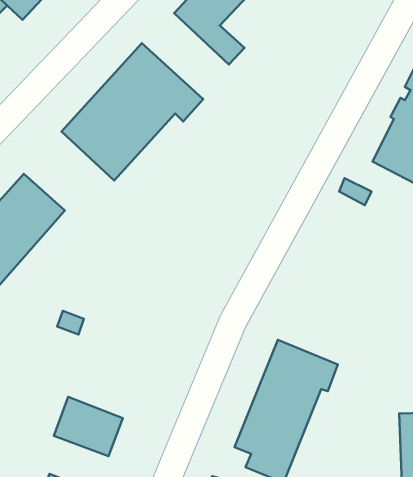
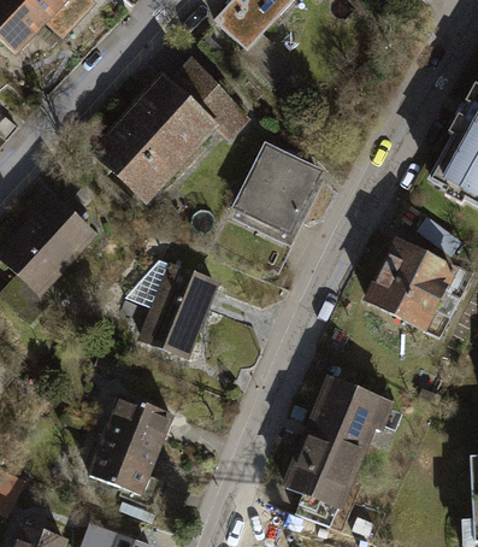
building: none -> [235,143,332,239]
building: none -> [370,233,466,329]
building: none -> [119,255,220,359]
building: none -> [104,394,178,458]

